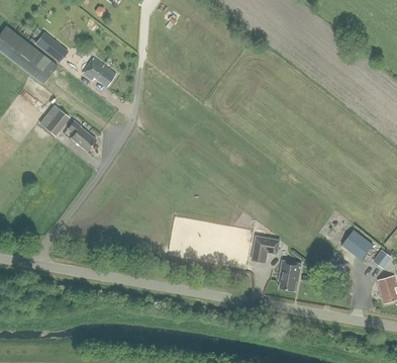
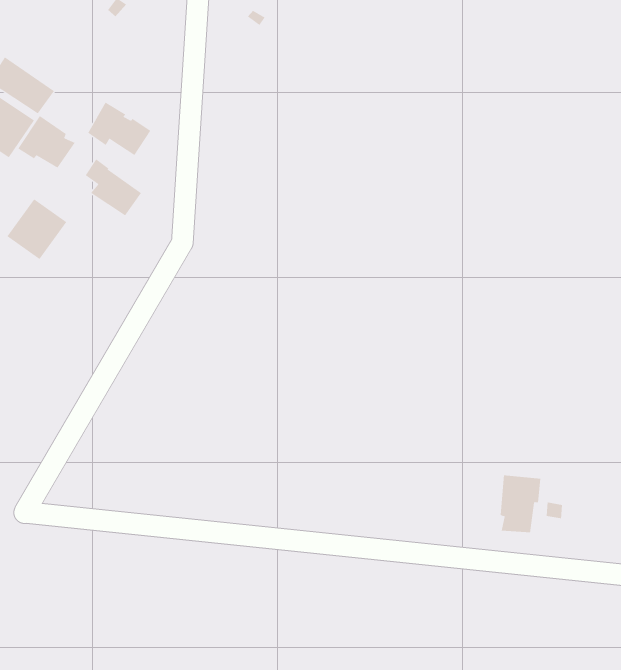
building: none -> [18,115,76,169]
building: [68,120,96,151] -> [85,158,142,216]
building: [250,234,280,262] -> none

